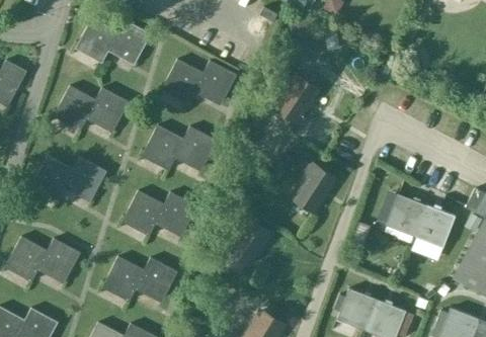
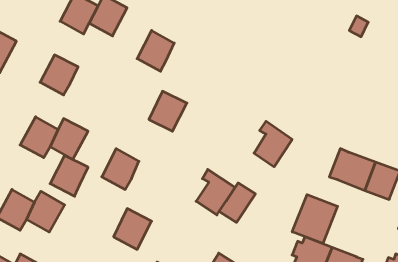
building: [193,61,236,105] -> none
building: [273,71,317,121] -> none
building: [86,87,129,133] -> none
building: [141,124,183,170] -> none
building: [155,191,196,237] -> none
building: none -> [219,183,255,222]
building: none -> [292,195,338,243]
building: [101,256,144,302] -> [50,155,88,196]

